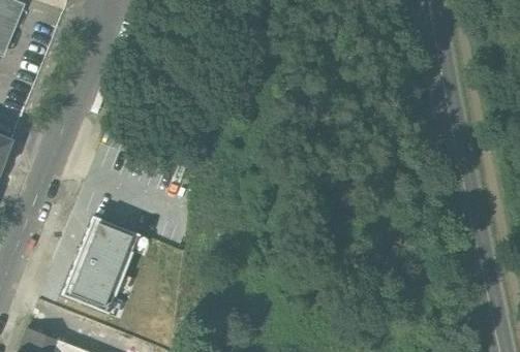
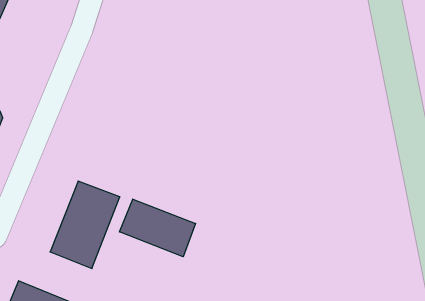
building: none -> [119,199,196,257]

